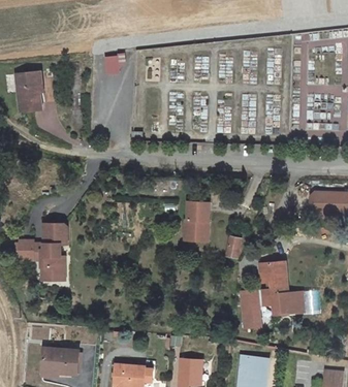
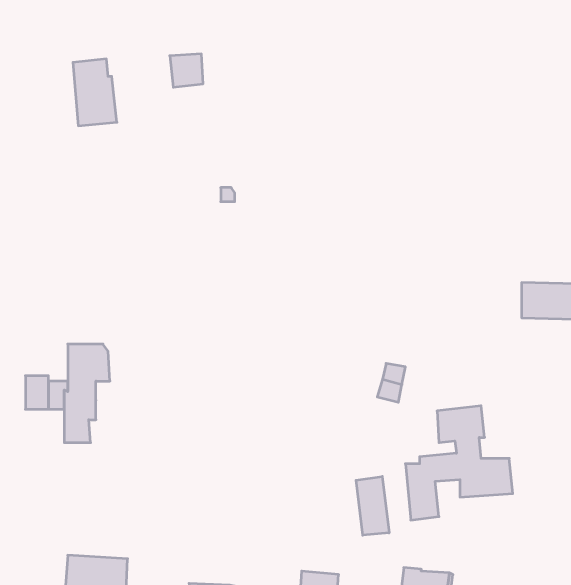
building: [17,73,42,112] -> [73,59,117,126]
building: [184,200,212,240] -> none
building: none -> [356,476,389,535]

